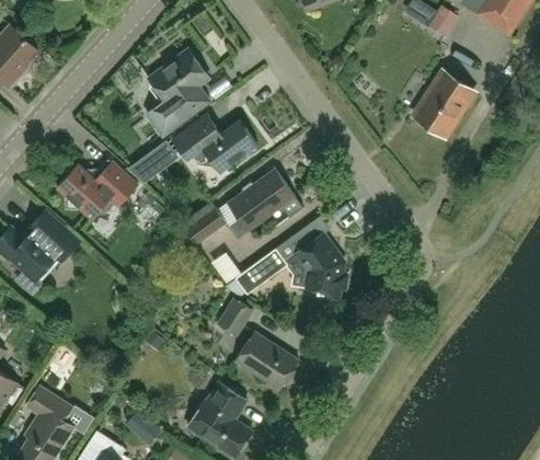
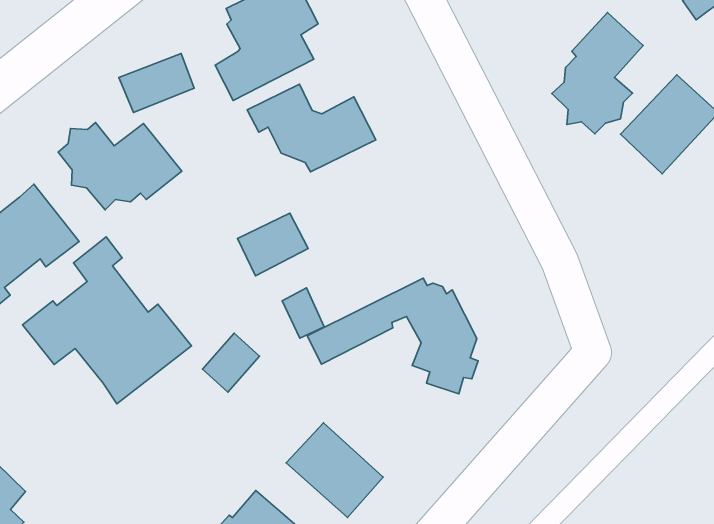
building: none -> [552,13,643,134]
building: [135,139,184,182] -> [119,53,194,112]
building: [228,169,302,229] -> none
building: none -> [22,237,192,404]
building: [217,297,252,335] -> [202,333,259,392]

